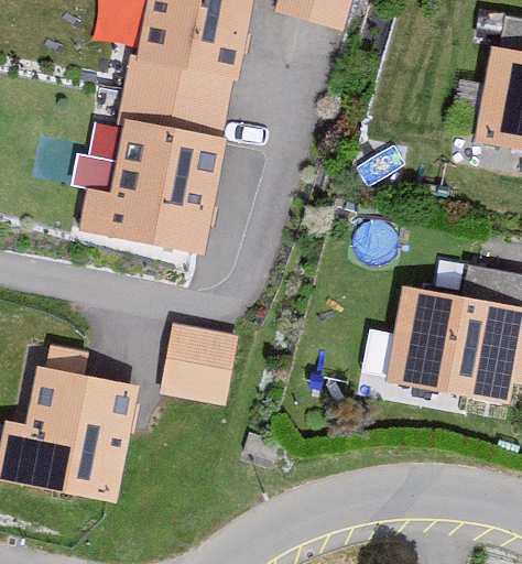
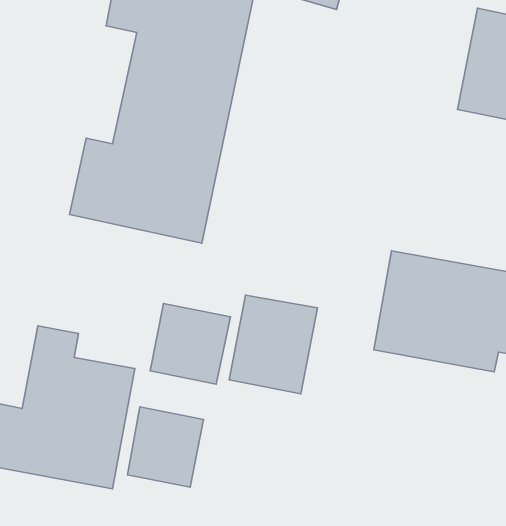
building: none -> [229,295,318,394]
building: none -> [127,407,203,487]

